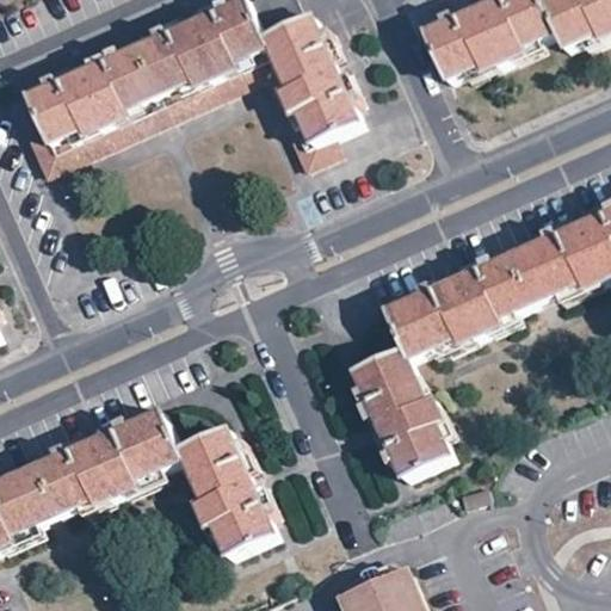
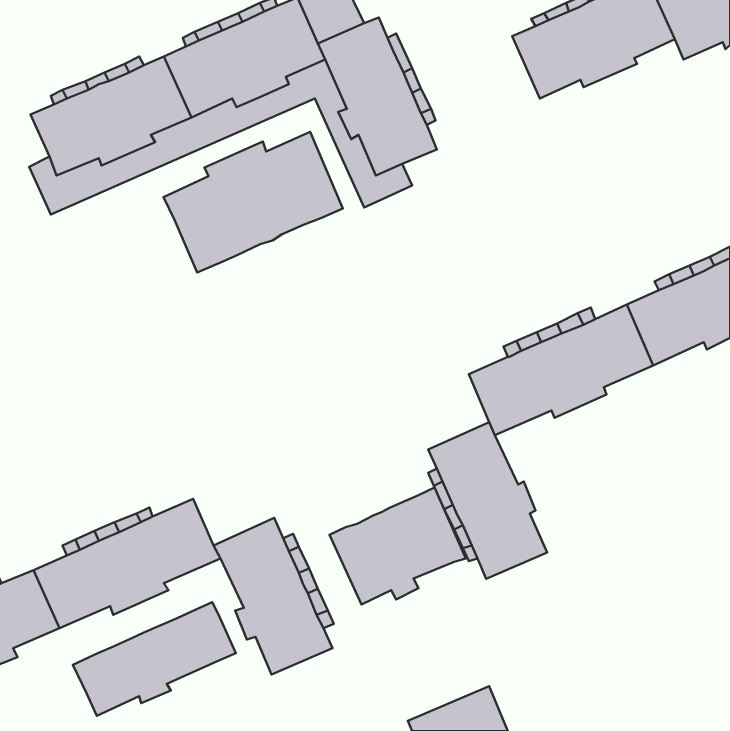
building: none -> [164,132,343,273]
building: none -> [329,488,466,605]
building: none -> [73,602,236,716]

